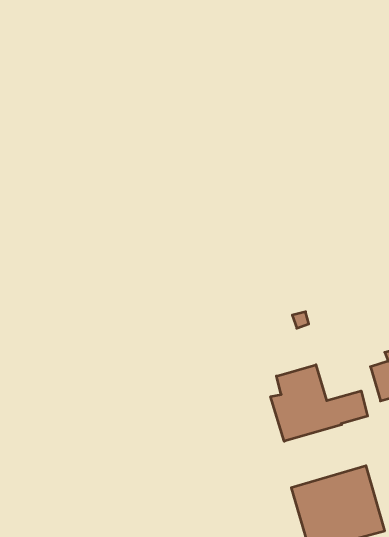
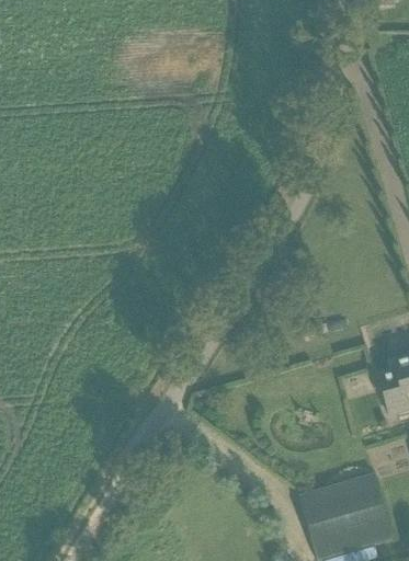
building: [271,365,368,441] -> none

